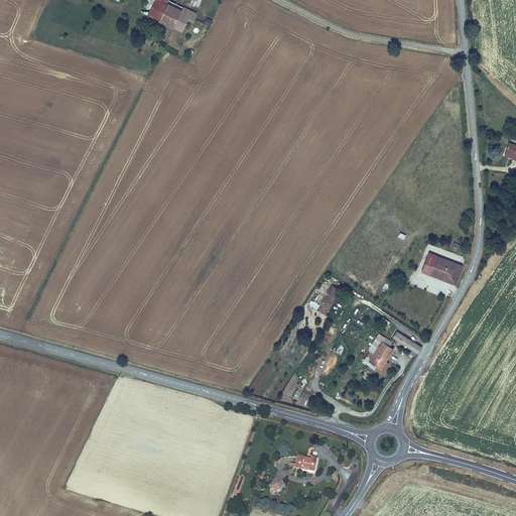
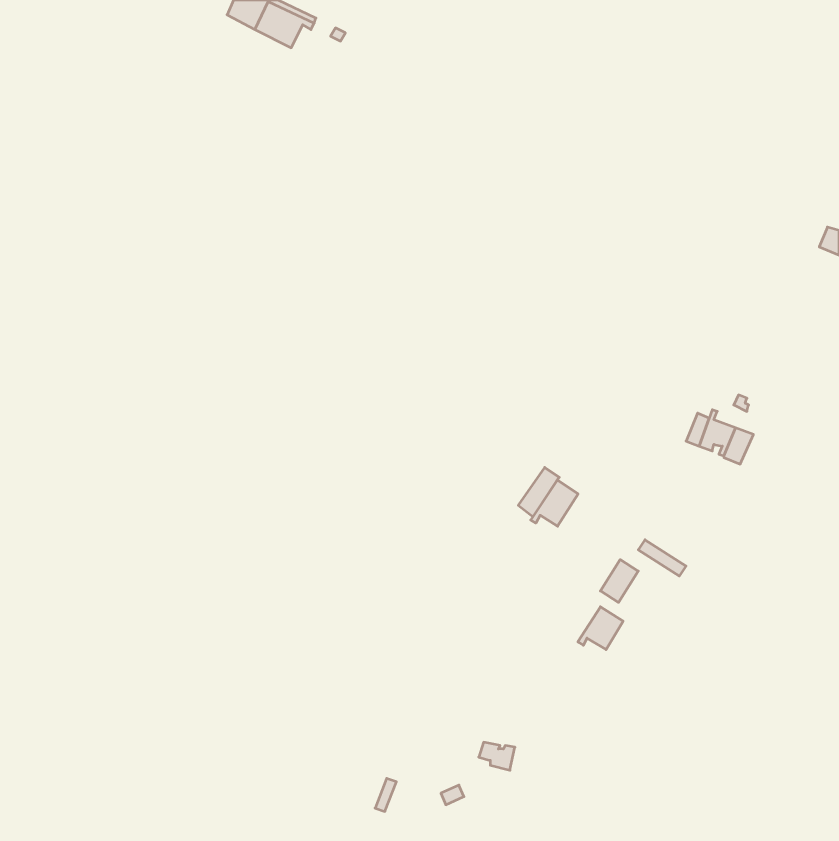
building: none -> [531,480,578,526]
building: none -> [578,607,623,650]

